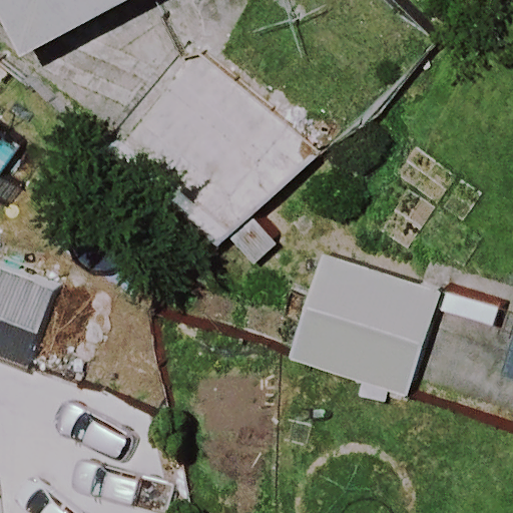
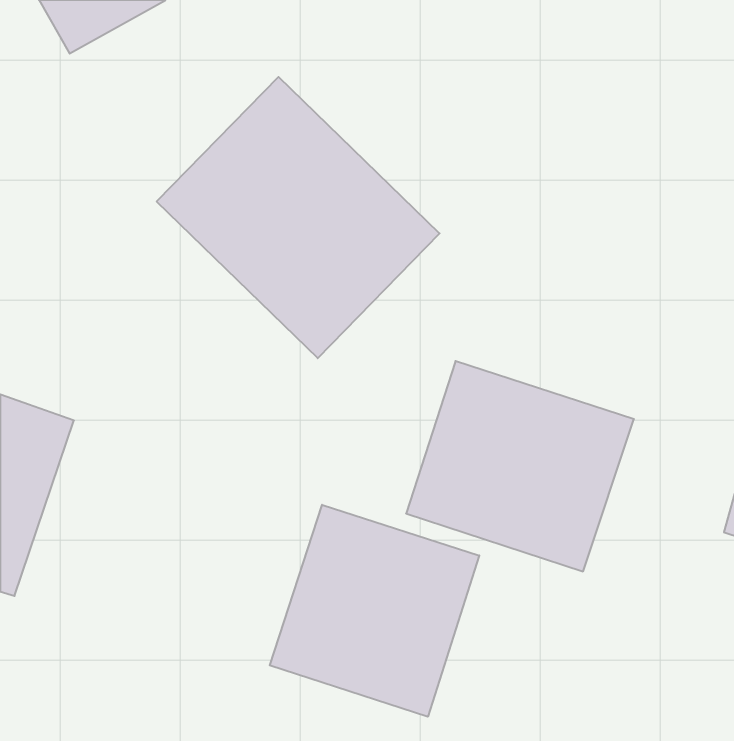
building: none -> [270,505,479,717]

